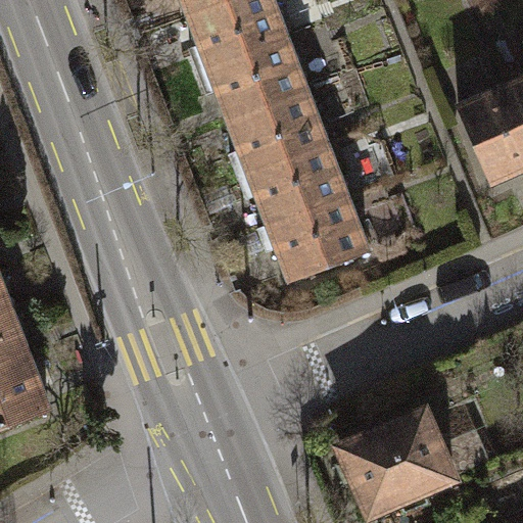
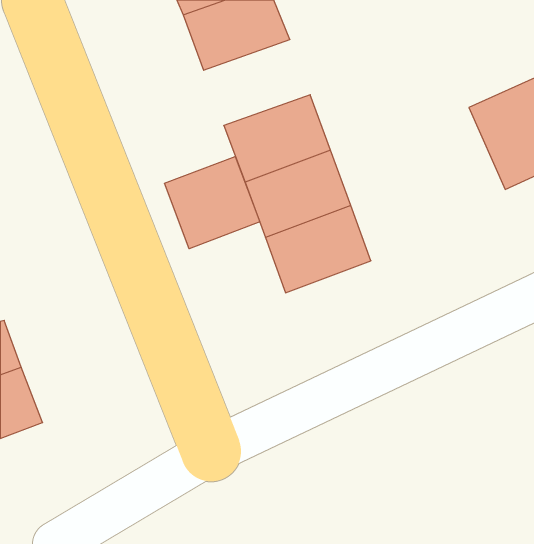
building: [205,38,307,121] -> none
building: none -> [164,156,260,249]
building: [350,409,466,513] -> none

